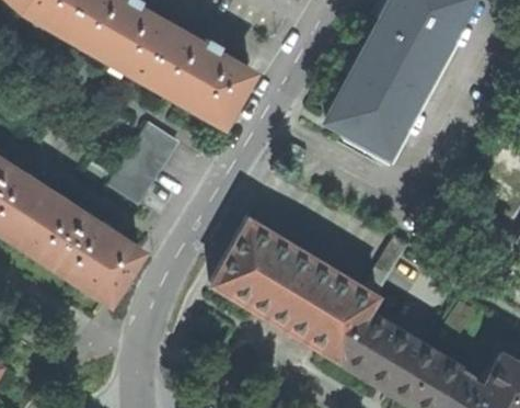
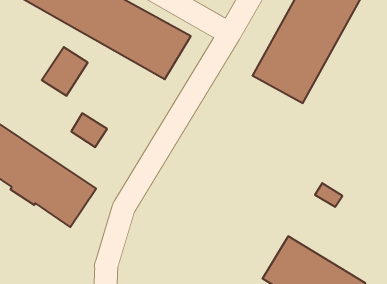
building: [124,124,178,182] -> [42,47,88,96]
building: [210,216,378,361] -> none

